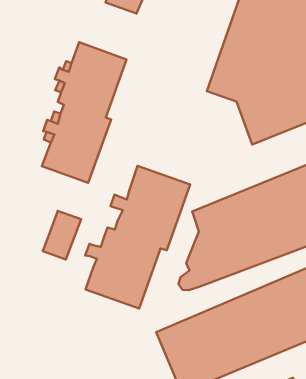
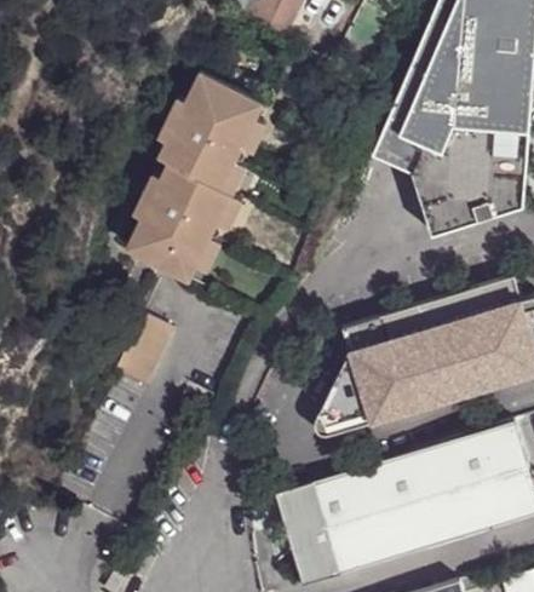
building: [85,166,190,308] -> none

